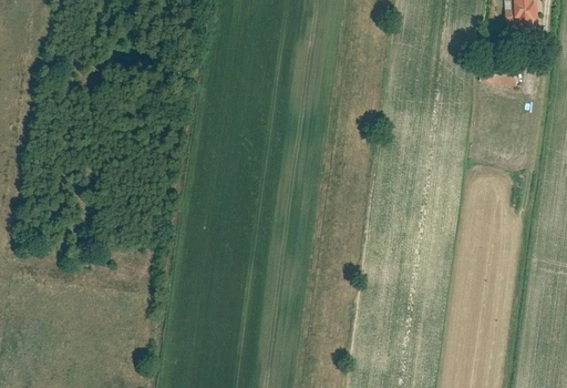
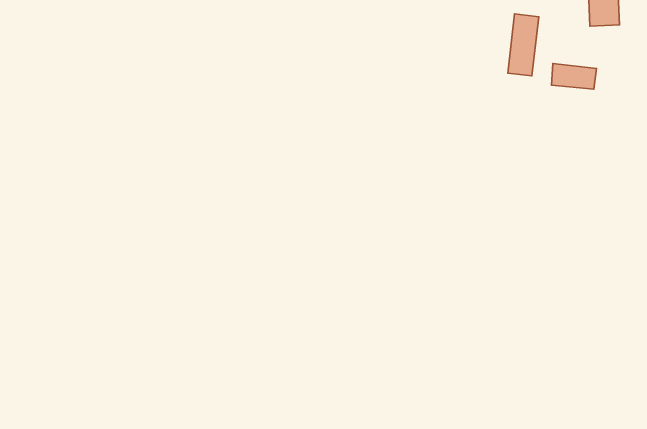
building: none -> [508,14,539,76]

